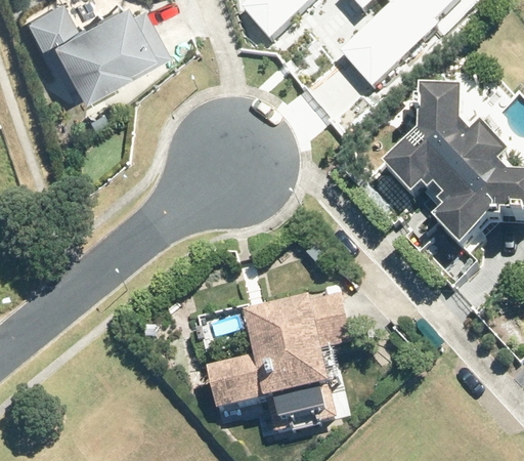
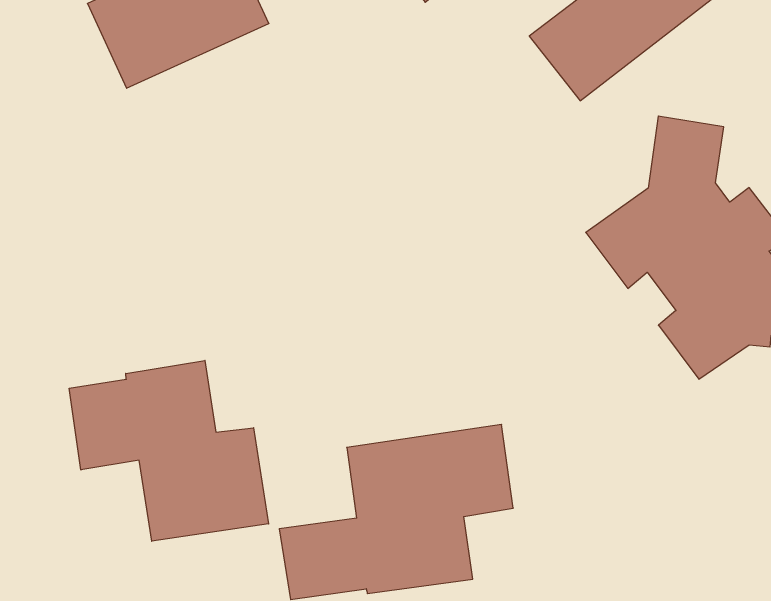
building: none -> [69,360,269,541]

